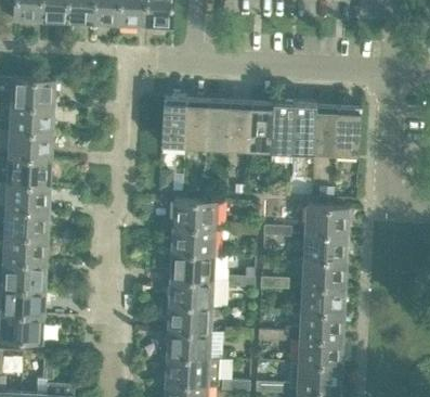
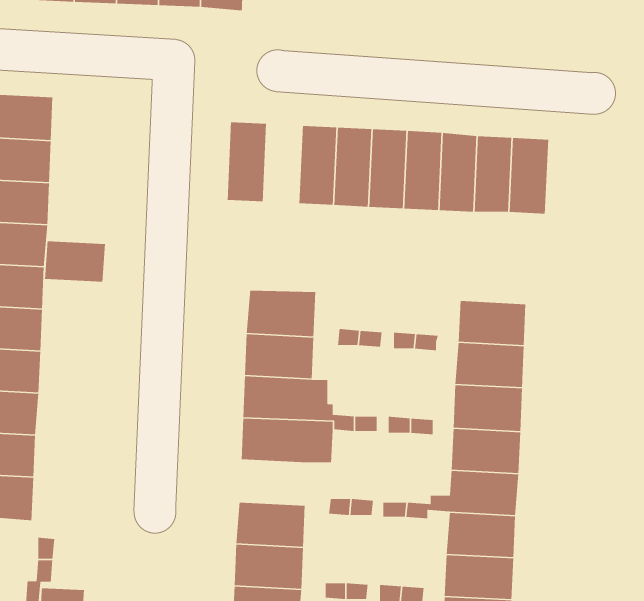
building: [184,98,208,148] -> none
building: none -> [44,241,106,283]
building: [169,306,211,334] -> none

